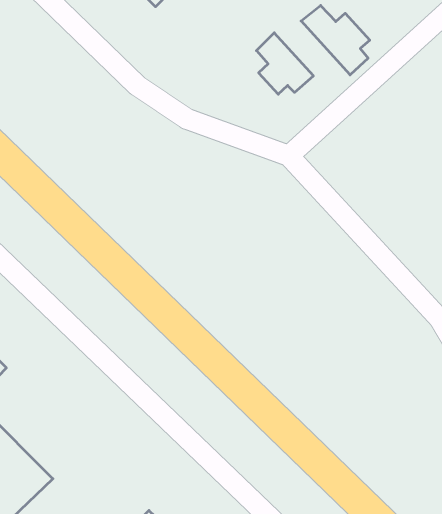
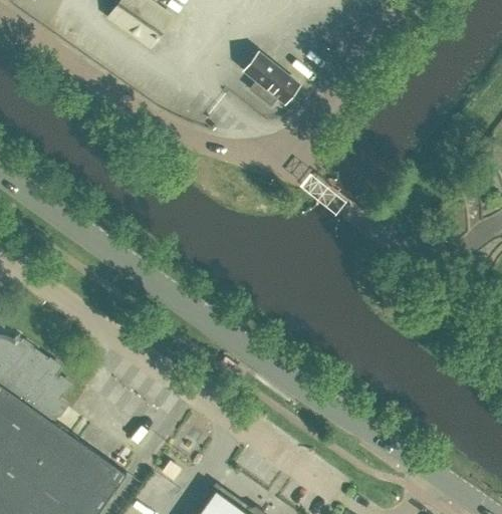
building: [301,5,370,75] -> none

